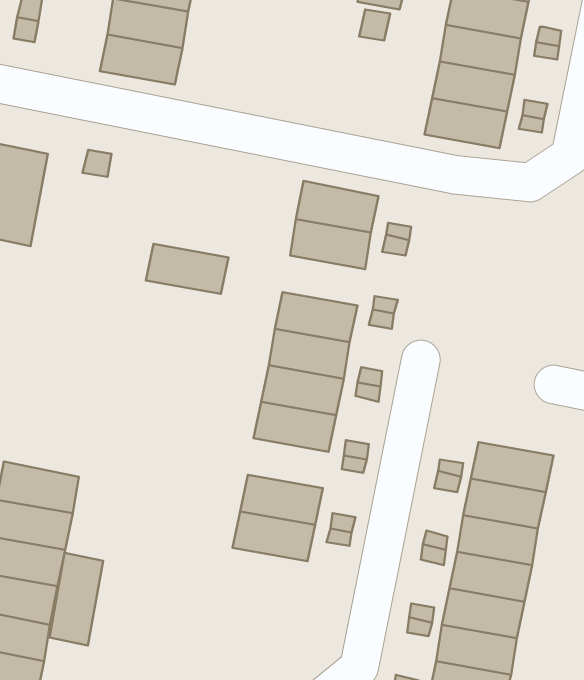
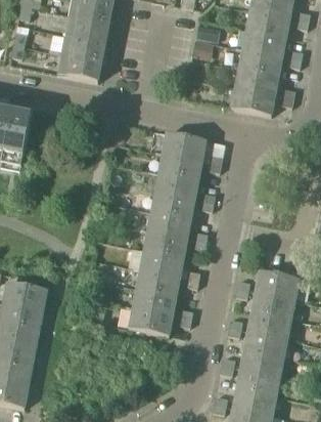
building: [146,244,228,294] -> [154,171,198,198]
building: none -> [136,268,179,295]
building: [49,553,103,645] -> none

